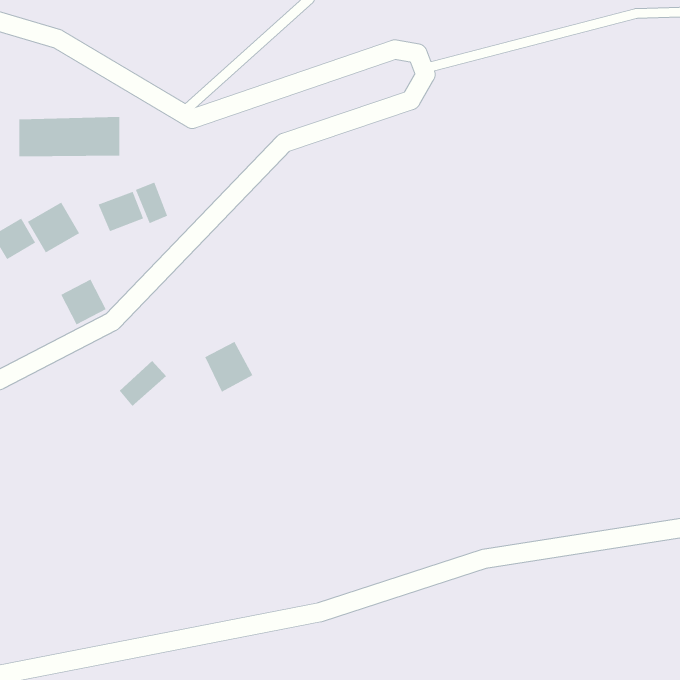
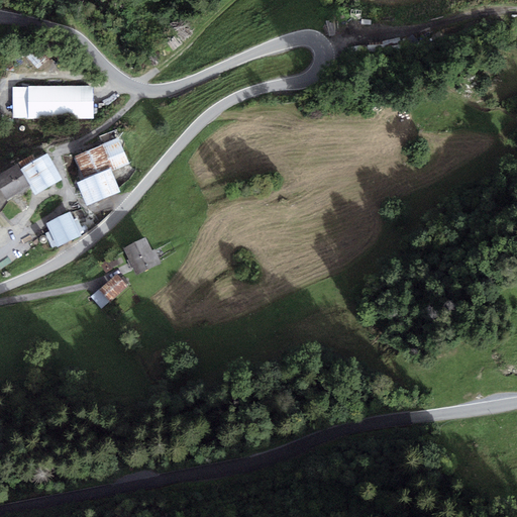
building: none -> [77,168,119,205]
building: [204,341,254,393] -> [122,234,160,274]

